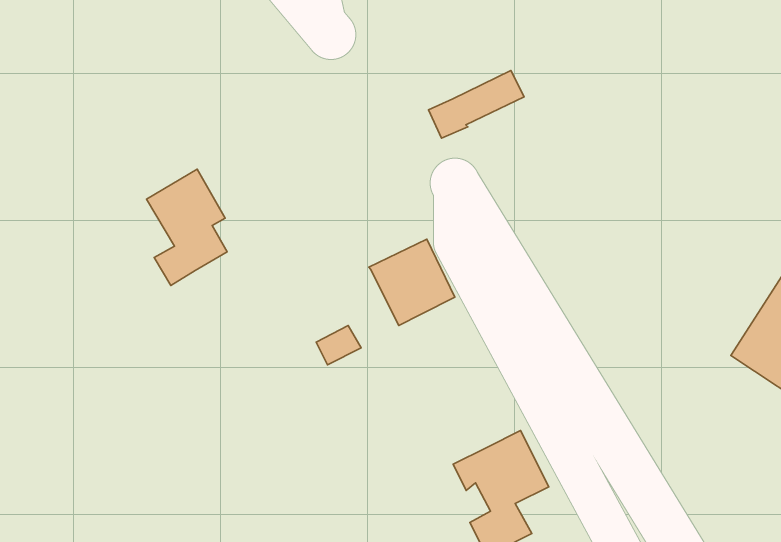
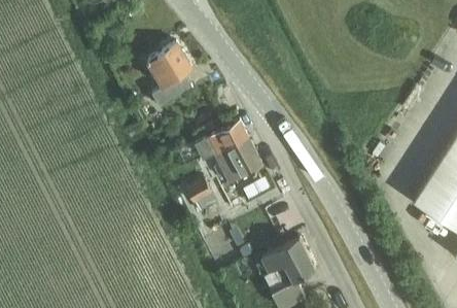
building: [428,71,524,138] -> [196,123,248,160]
building: [147,169,227,286] -> [149,45,194,109]

